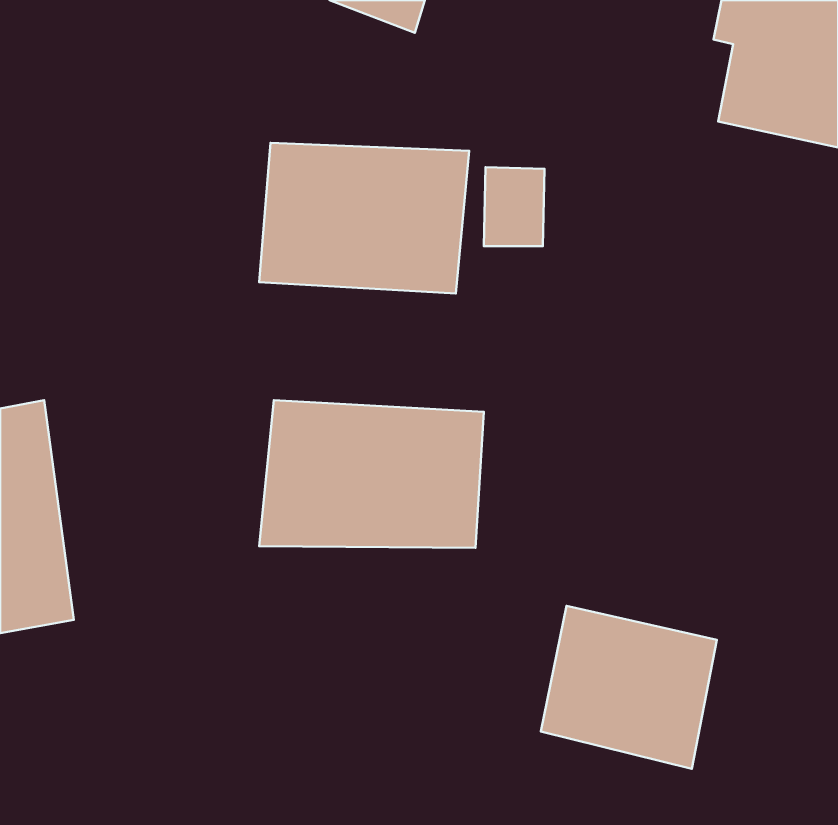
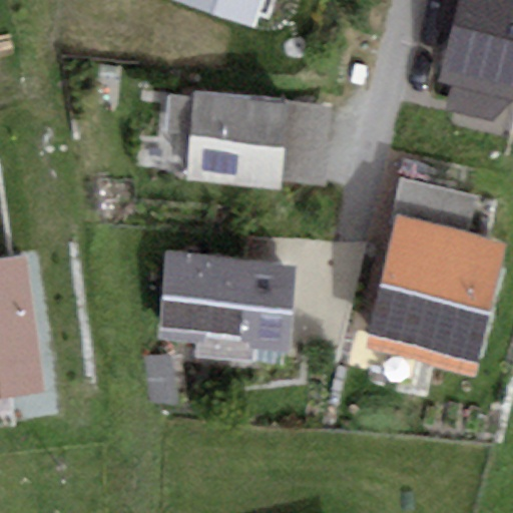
building: none -> [362,181,507,370]
building: [541,606,717,769] -> none

